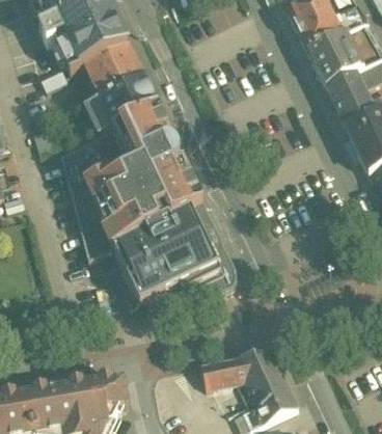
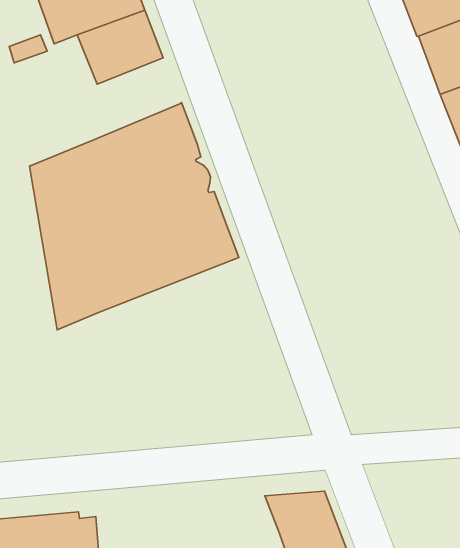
building: [87,78,157,136] -> none
building: [115,204,237,305] -> none
building: [201,357,245,388] -> none

